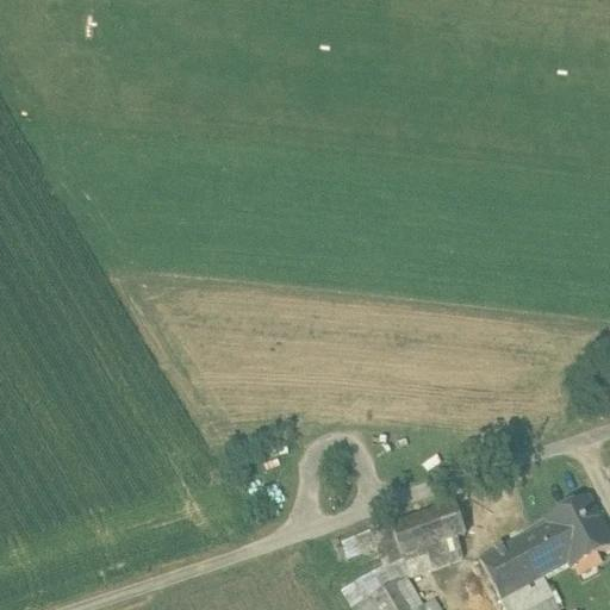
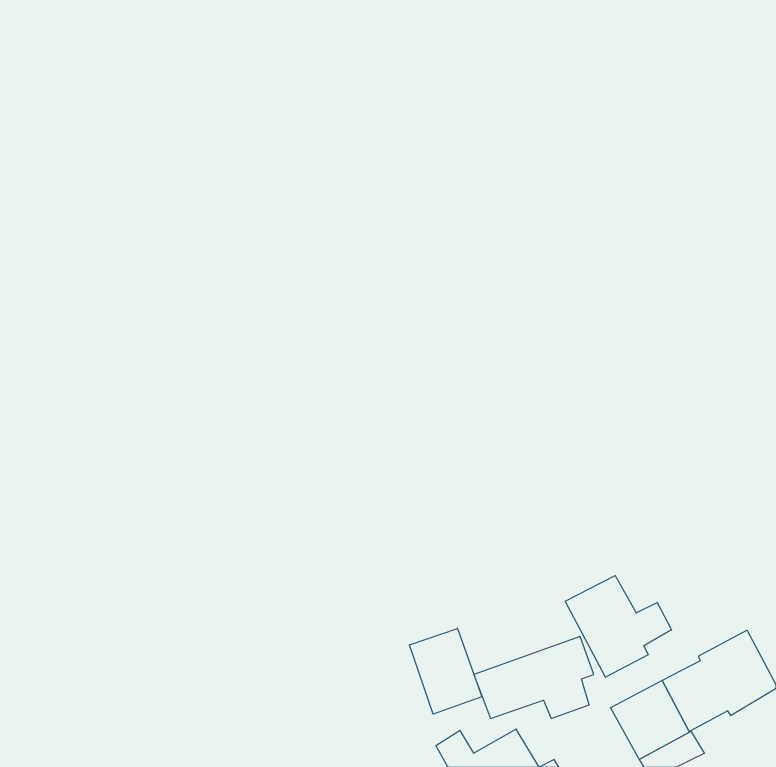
building: none -> [565,576,672,677]
building: none -> [409,628,482,714]

